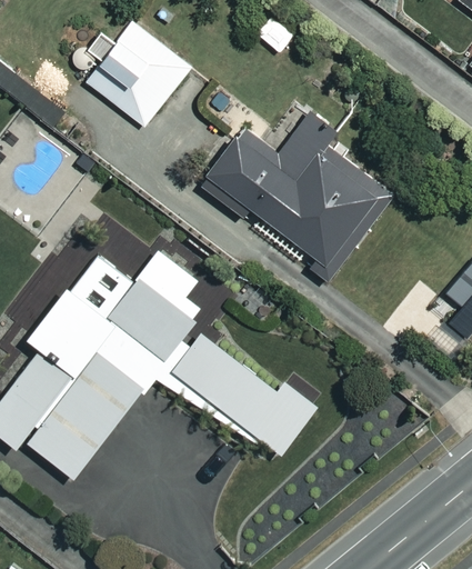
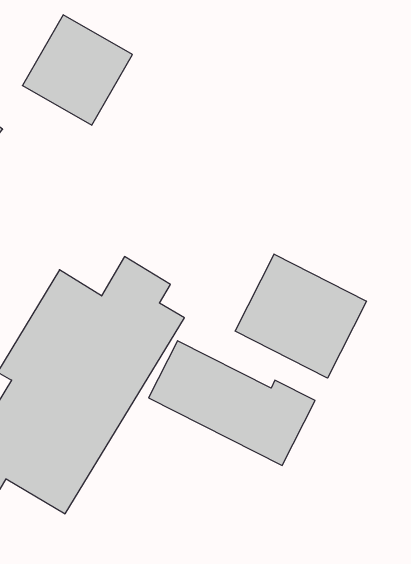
building: [203,114,383,270] -> none
building: none -> [235,254,366,378]

